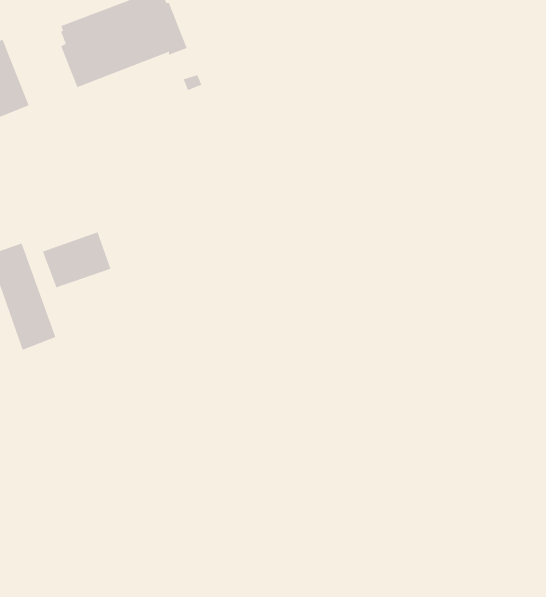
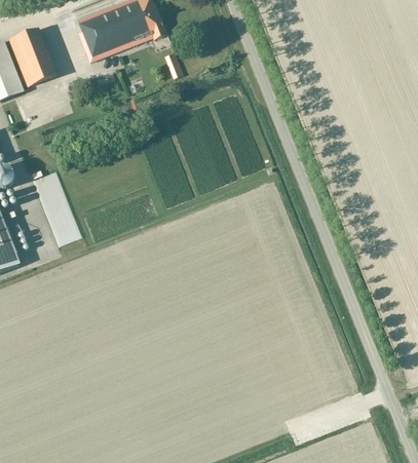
building: [42,231,111,288] -> none

